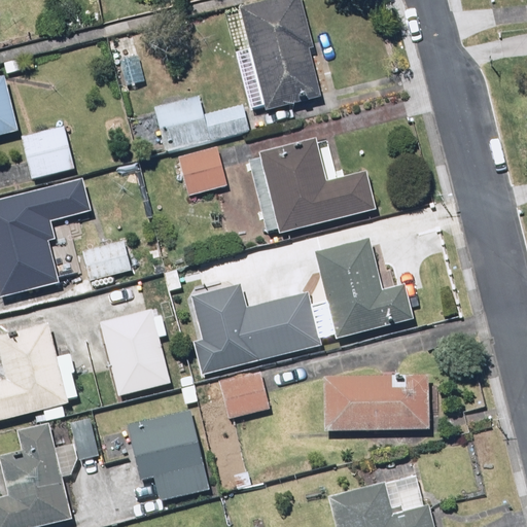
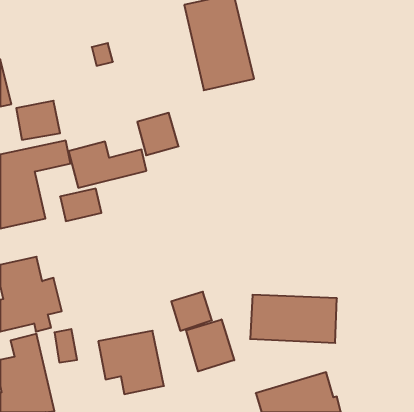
building: [150,94,249,152] -> [69,142,146,188]
building: [257,137,377,234] -> none
building: [199,241,412,360] -> none
building: [96,309,172,395] -> none
building: none -> [186,319,234,371]

